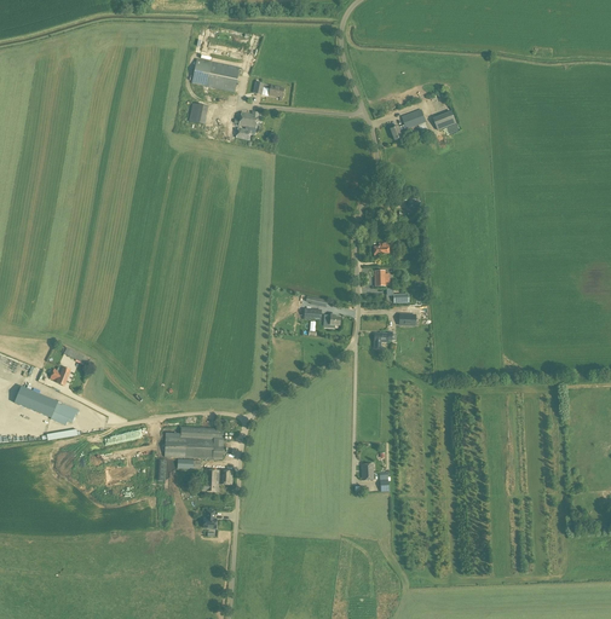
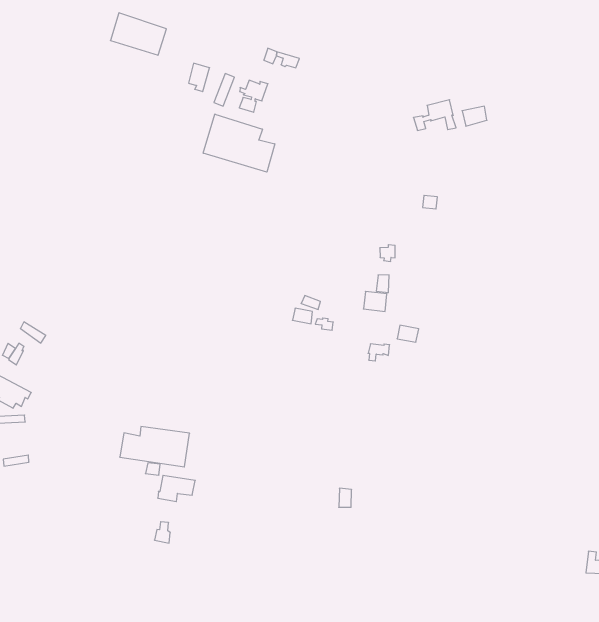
building: [190,58,238,92] -> [110,13,166,55]
building: none -> [203,114,275,172]

